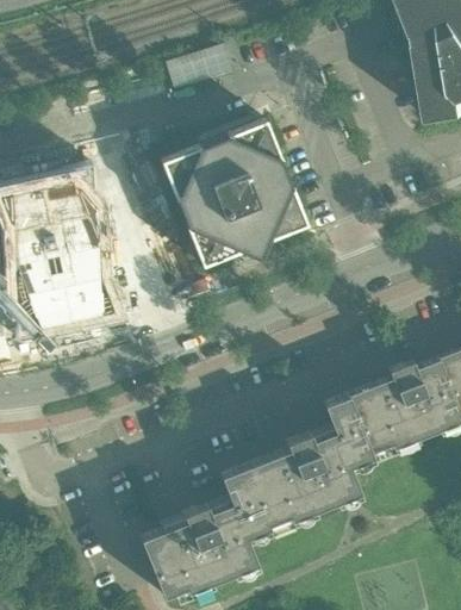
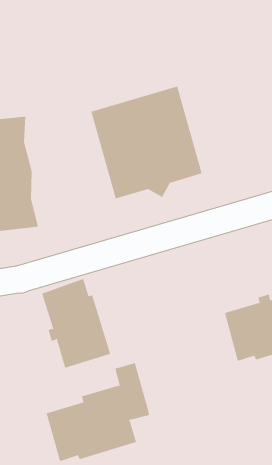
building: none -> [41,278,111,368]
building: [245,396,373,525] -> none

